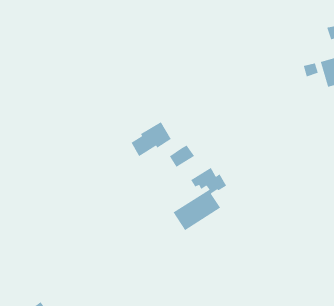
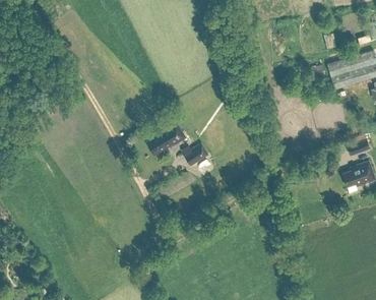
building: [173,167,227,231] -> none

